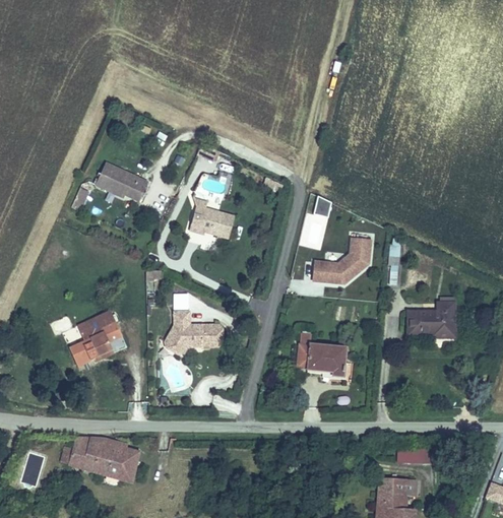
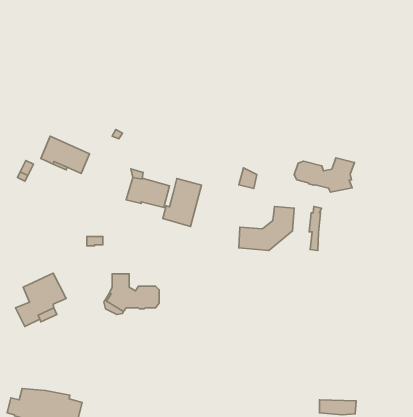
building: none -> [294,158,354,192]
building: none -> [163,178,201,227]
building: [405,297,455,340] -> none
building: [297,332,349,376] -> none

